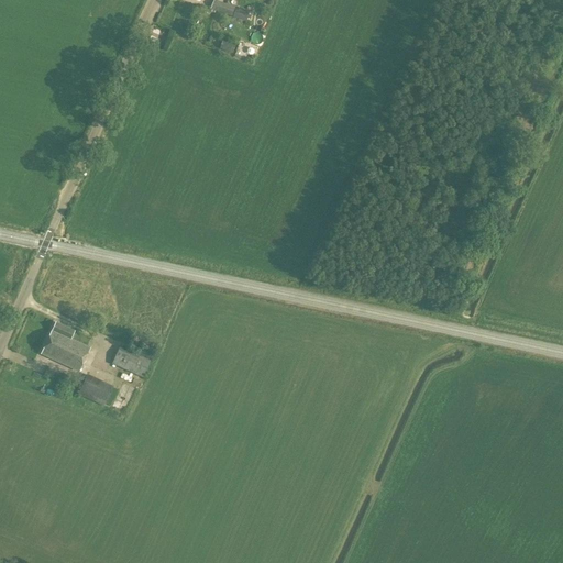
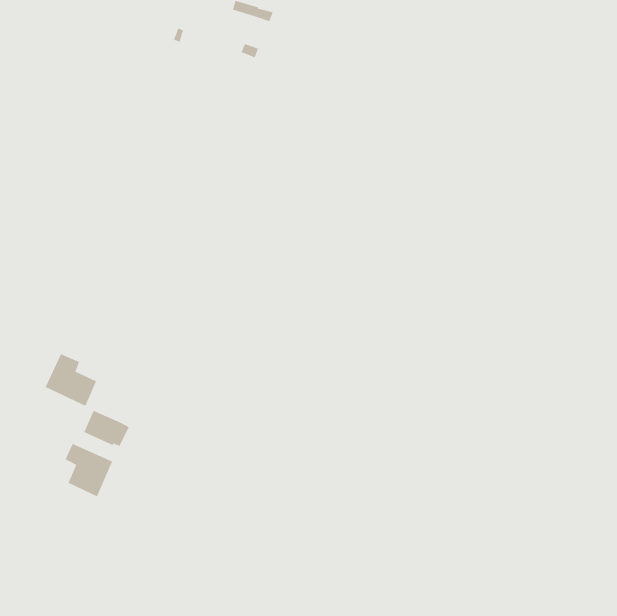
building: [110,344,148,376] -> none
building: none -> [65,443,113,497]

